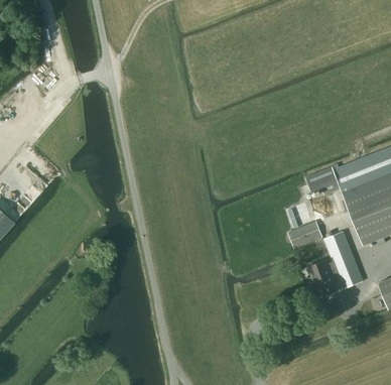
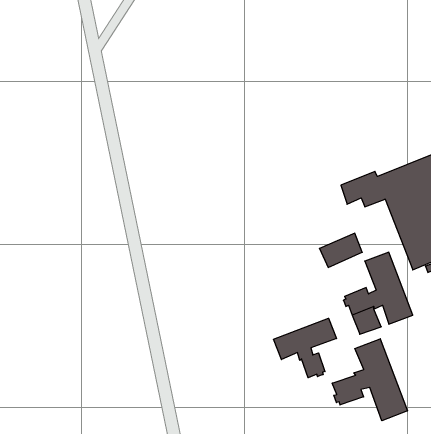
building: none -> [273,318,336,378]
building: none -> [332,339,407,421]

